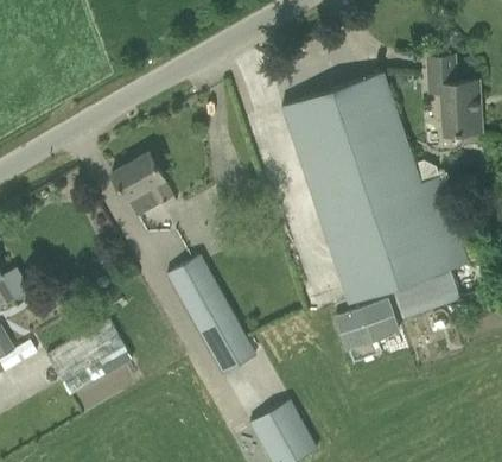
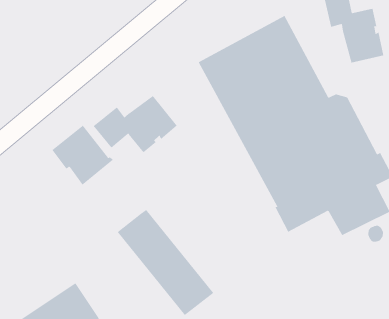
building: none -> [93,95,178,153]
building: [335,300,400,353] -> none

